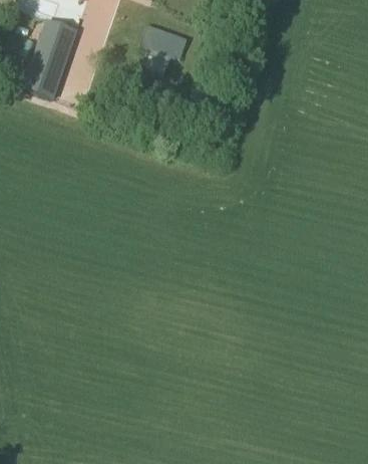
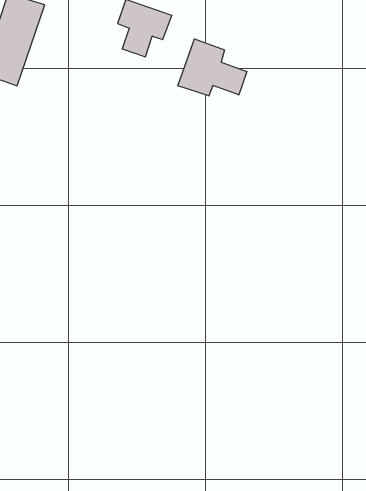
building: none -> [178,39,247,96]

